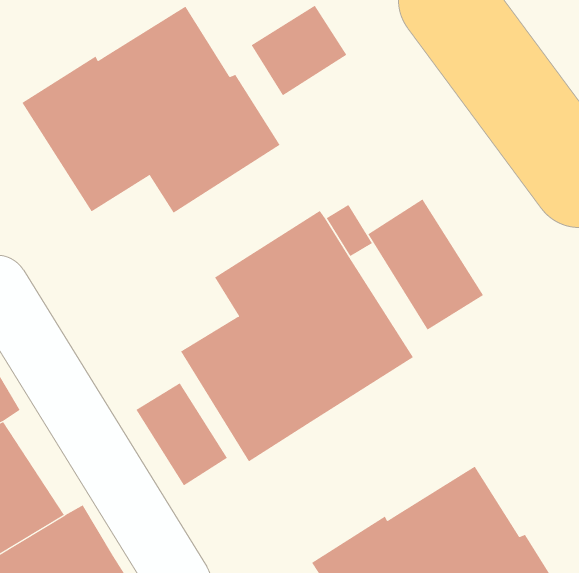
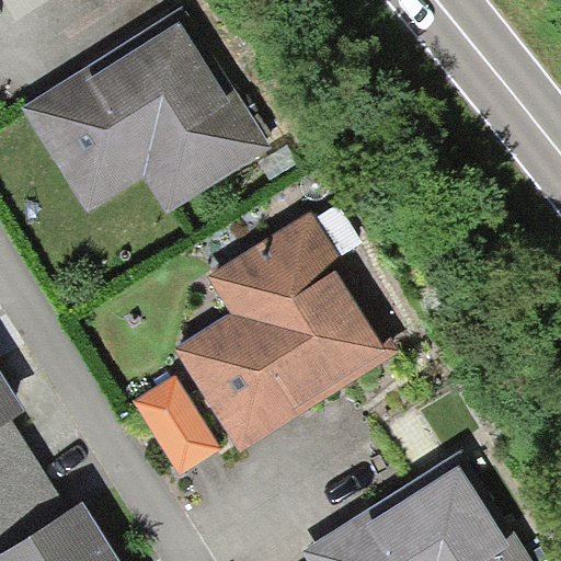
building: [251,5,347,96] -> none
building: [367,198,484,330] -> none

